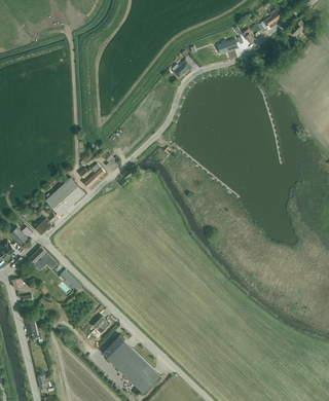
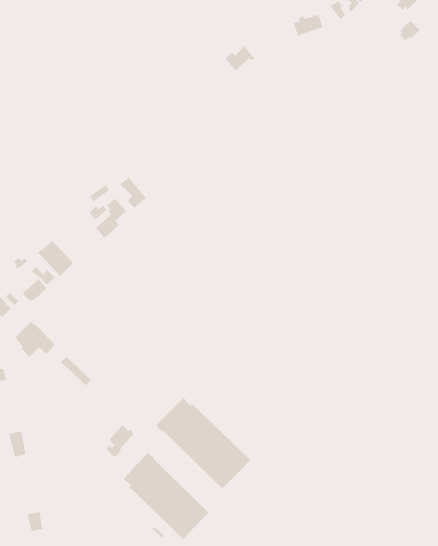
building: [54,177,84,207] -> none
building: none -> [155,397,251,489]

